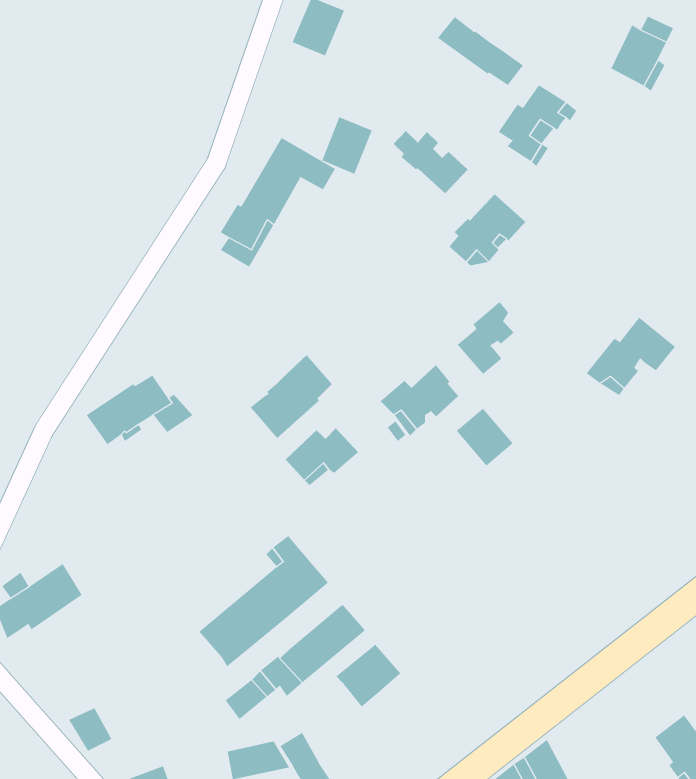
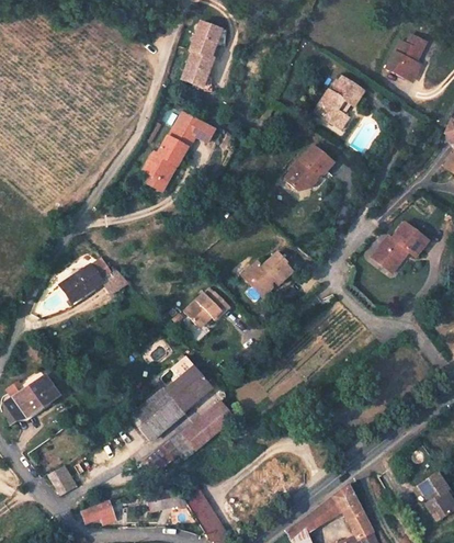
building: [437,16,524,86] -> none
building: [321,116,372,175] -> [180,52,212,88]
building: [393,130,469,194] -> none
building: [457,301,515,375] -> none
building: [250,355,332,439] -> none
building: [456,408,513,466] -> none
building: [335,644,401,708] -> none

